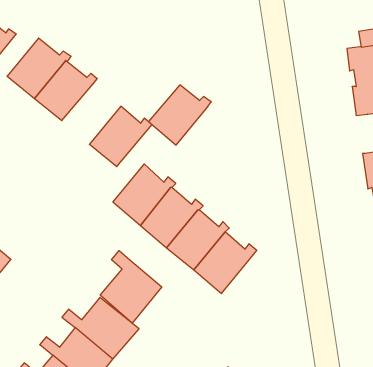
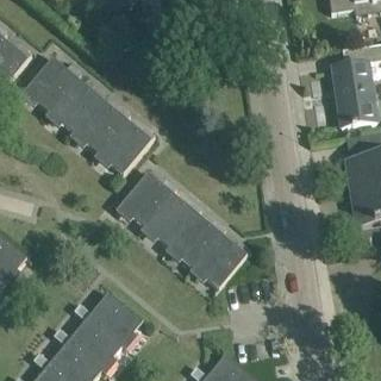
building: [149,85,211,145] -> [73,98,130,152]
building: [100,251,162,323] -> none

